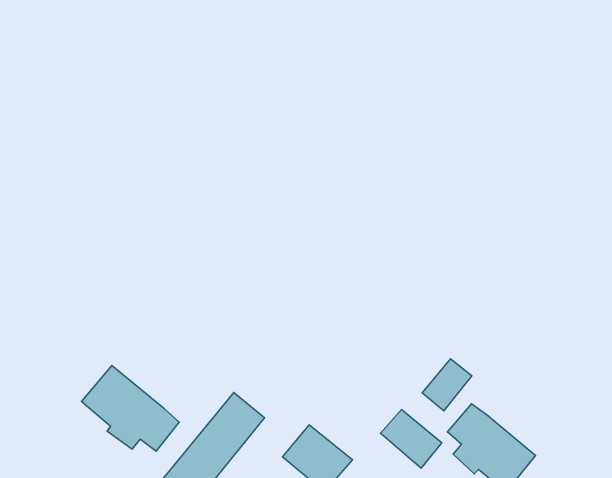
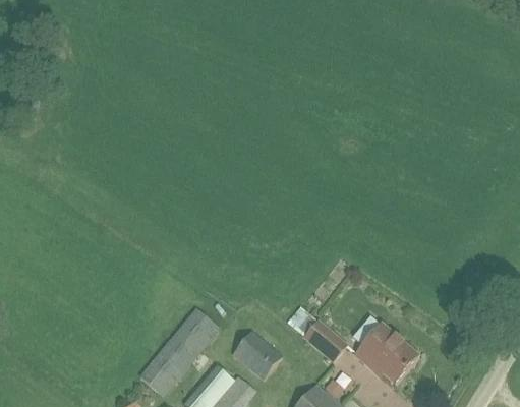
building: [422,359,472,411] -> none
building: [81,365,179,451] -> none

